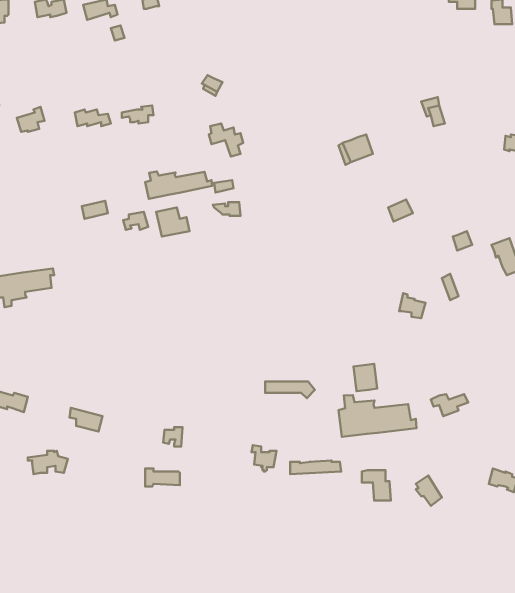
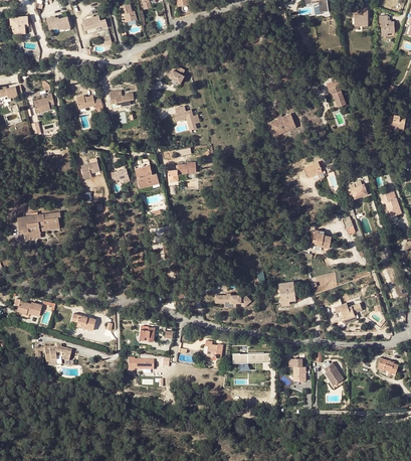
building: [145,171,212,199] -> none
building: [338,395,416,437] -> none

